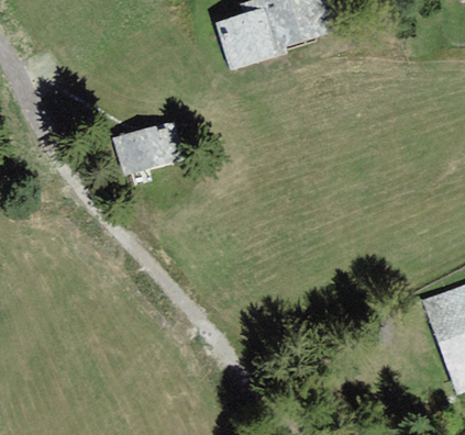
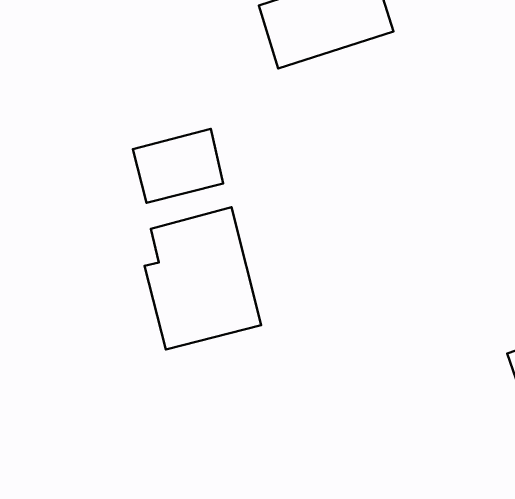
building: none -> [144,207,261,350]

